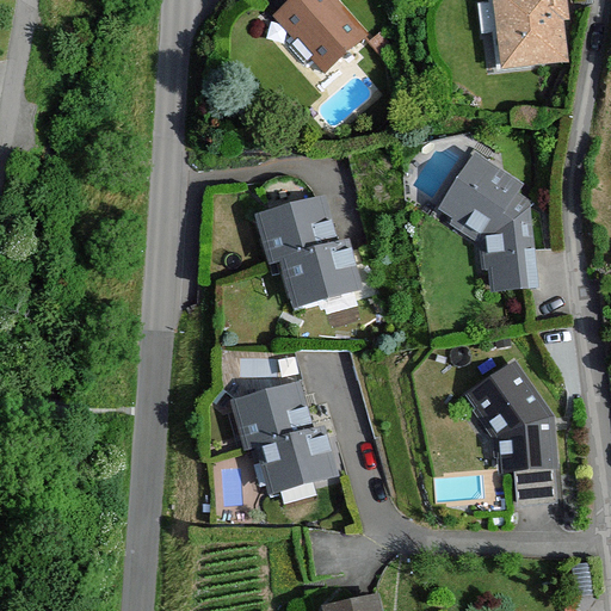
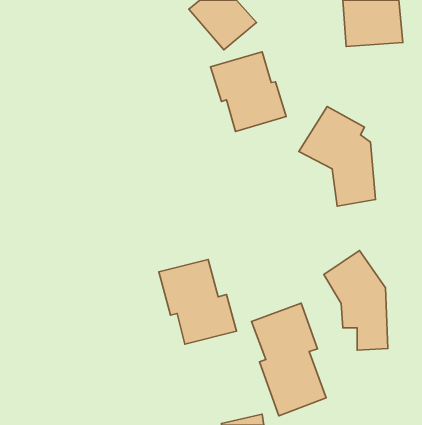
building: [252,195,360,309] -> [211,52,286,132]
building: none -> [251,303,326,416]

